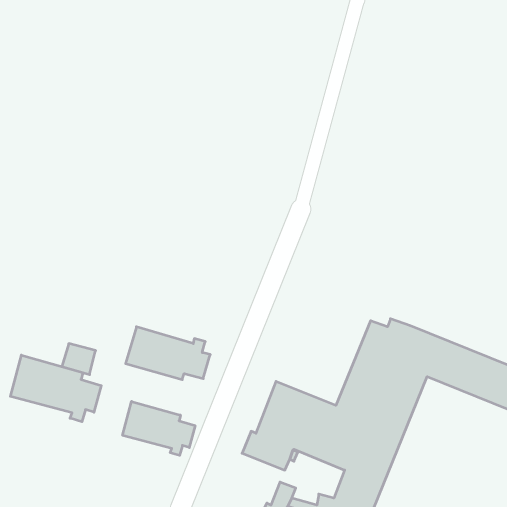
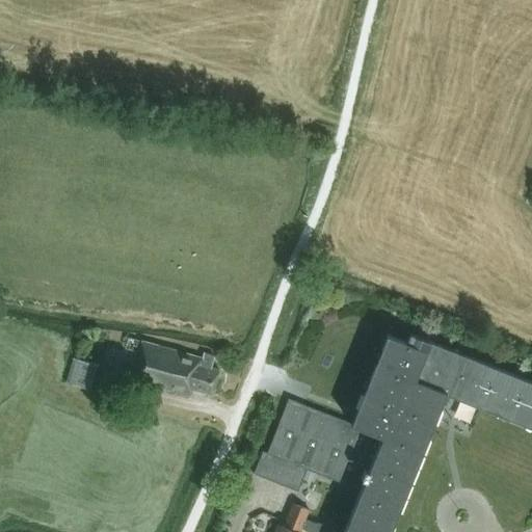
building: [10,355,101,422] -> none
building: [123,401,195,455] -> none

